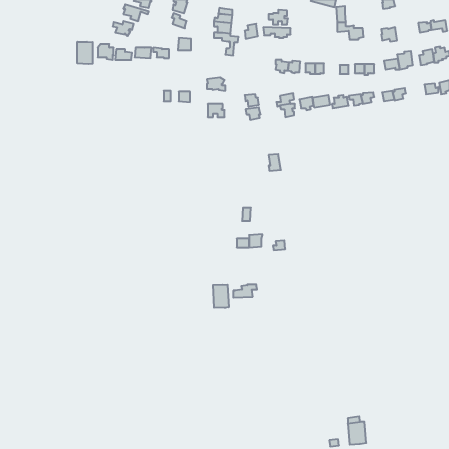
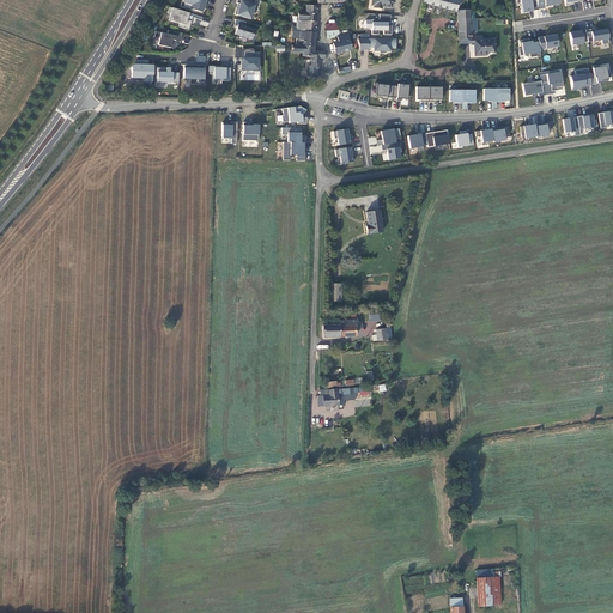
building: [77,42,93,64] -> none
building: [213,285,229,308] -> none

